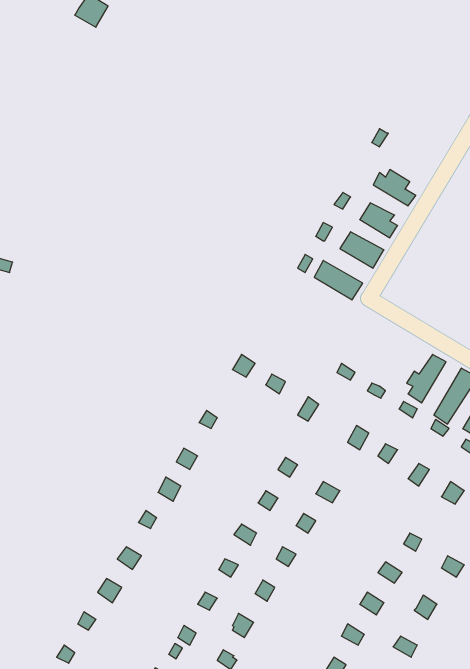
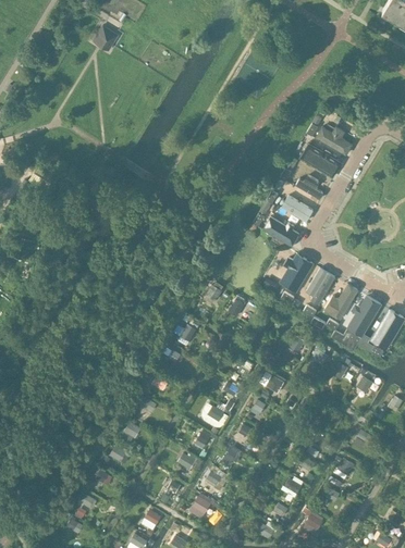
building: none -> [317,123,354,157]
building: none -> [287,254,314,290]
building: none -> [308,270,336,304]

